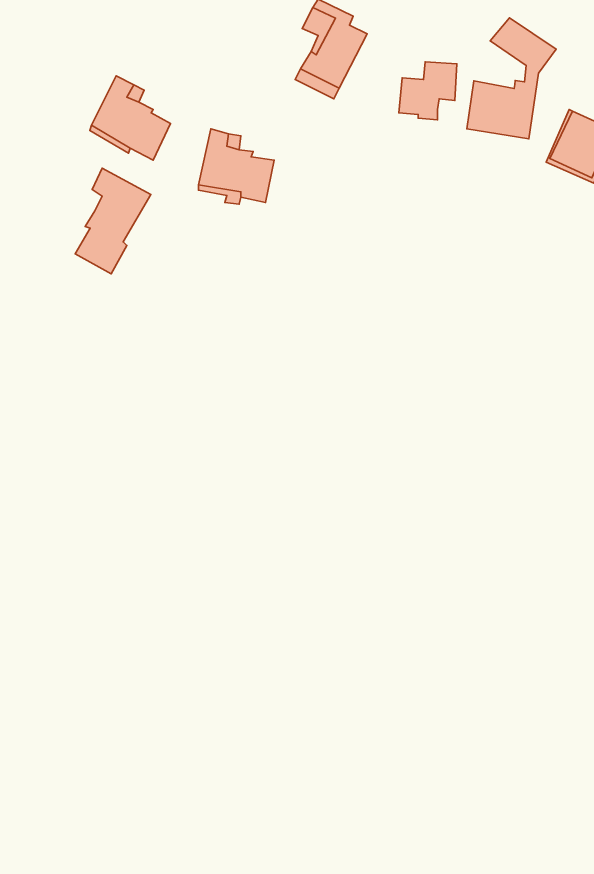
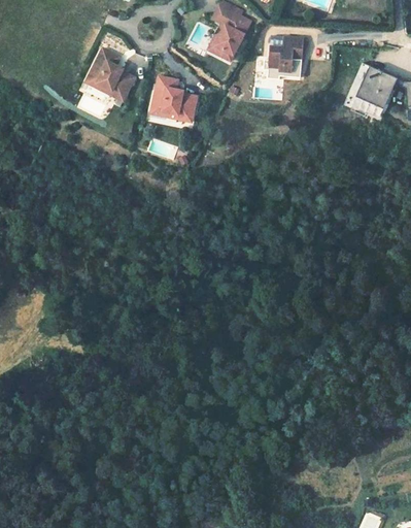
building: [467,18,556,139] -> none
building: [75,168,151,274] -> none

